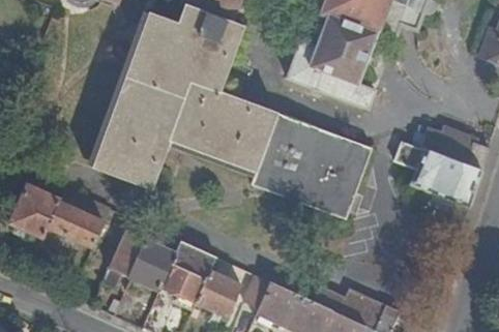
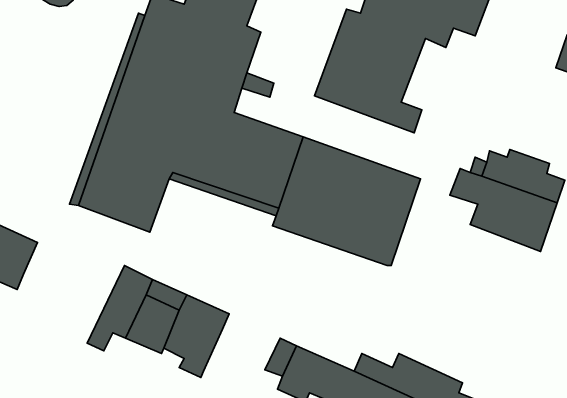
building: [50,187,112,245] -> none
building: [196,269,242,318] -> none

